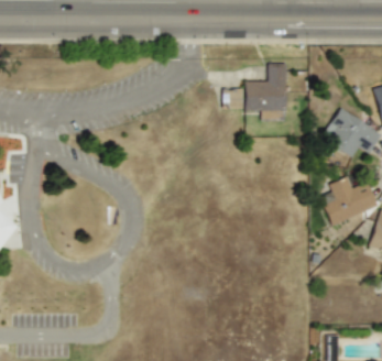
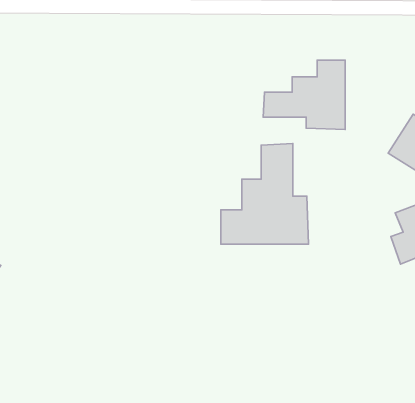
building: none -> [221,143,308,244]

